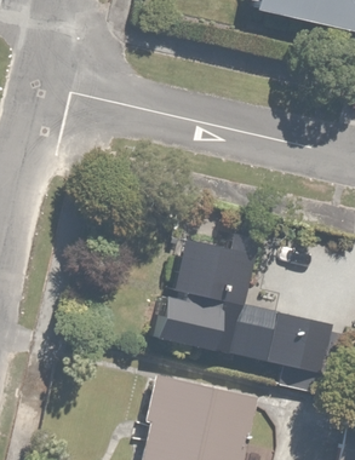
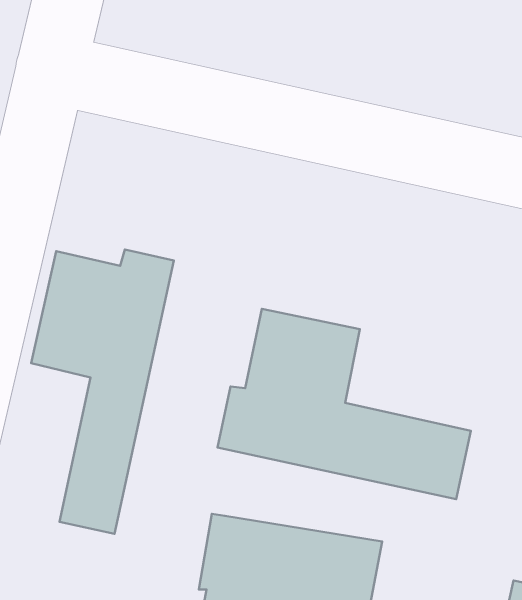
building: none -> [31,249,174,534]

